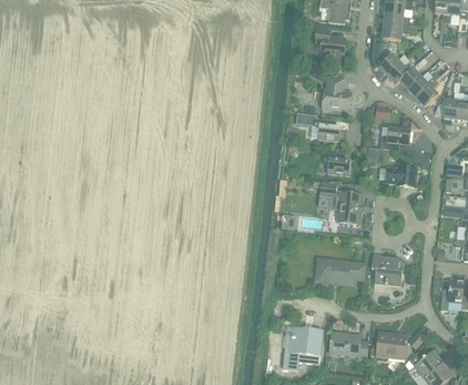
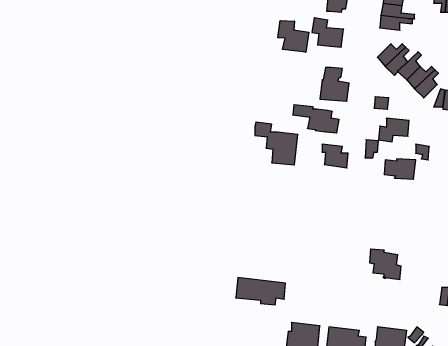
building: none -> [278,21,309,52]
building: [319,182,362,224] -> [255,122,298,165]
building: [315,259,364,285] -> [236,278,285,305]

